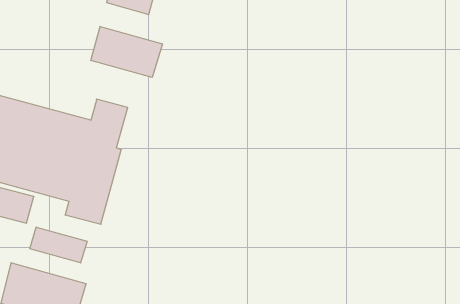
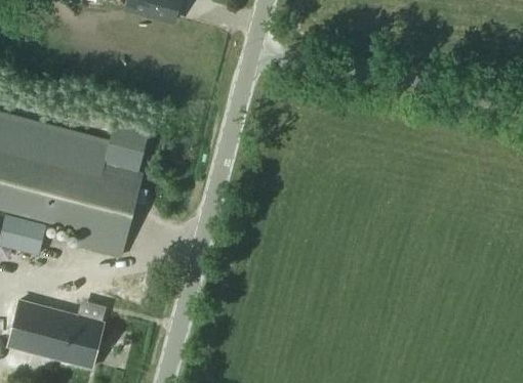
building: [91,26,163,77] -> none
building: [30,227,87,263] -> none

